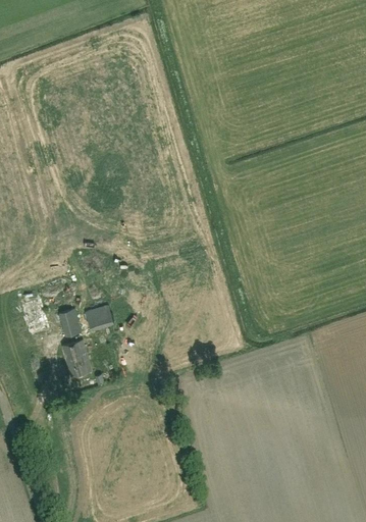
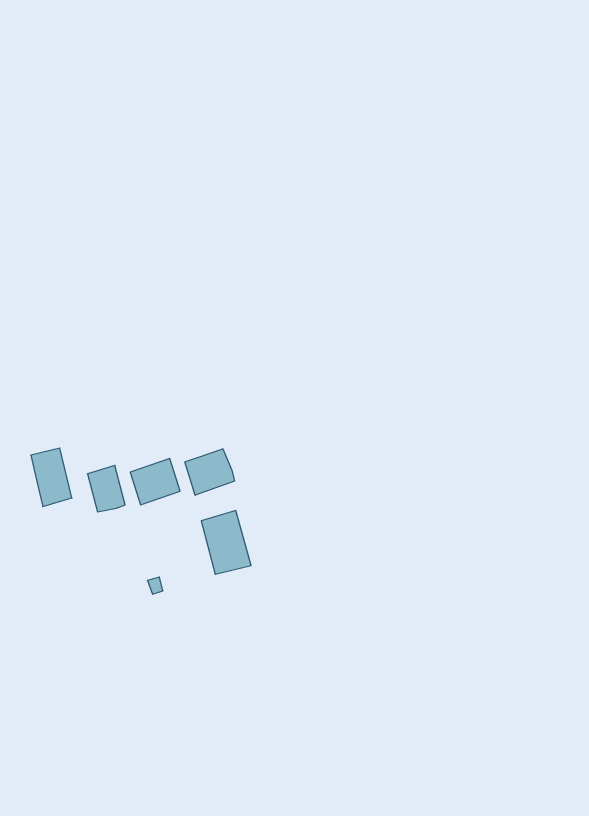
building: none -> [185,449,235,495]
building: [61,340,91,377] -> [201,511,251,574]

